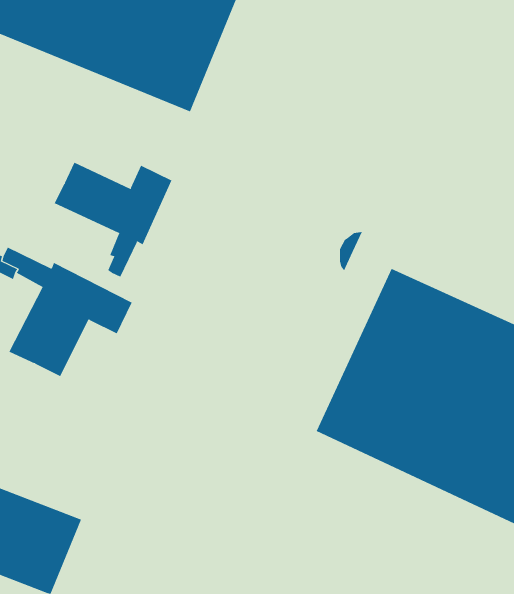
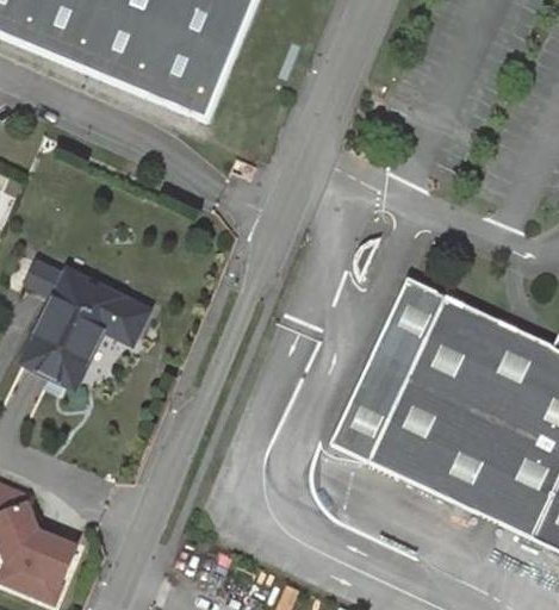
building: [54,162,172,277] -> none

